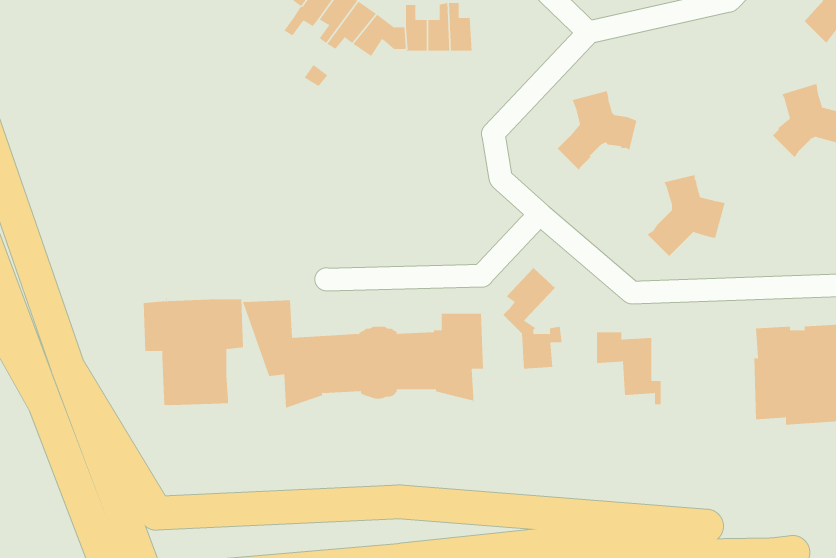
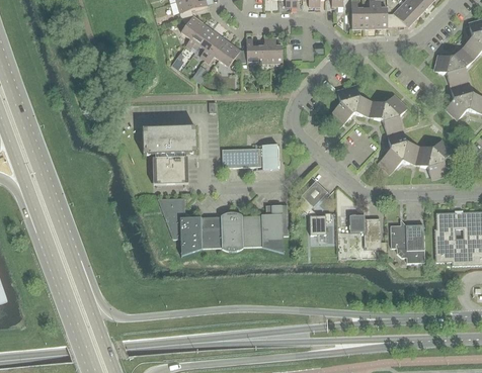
building: none -> [433,46,474,86]
building: none -> [368,93,408,133]
building: none -> [414,138,454,180]
building: none -> [222,144,279,169]
building: [143,295,244,409] -> [142,124,196,186]
building: none -> [390,224,424,262]

